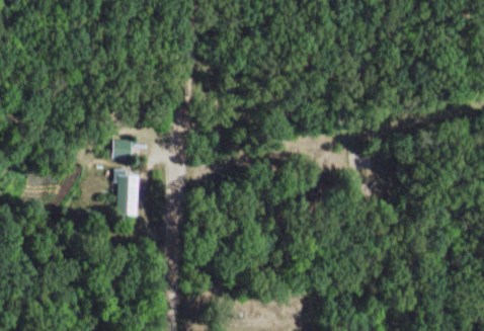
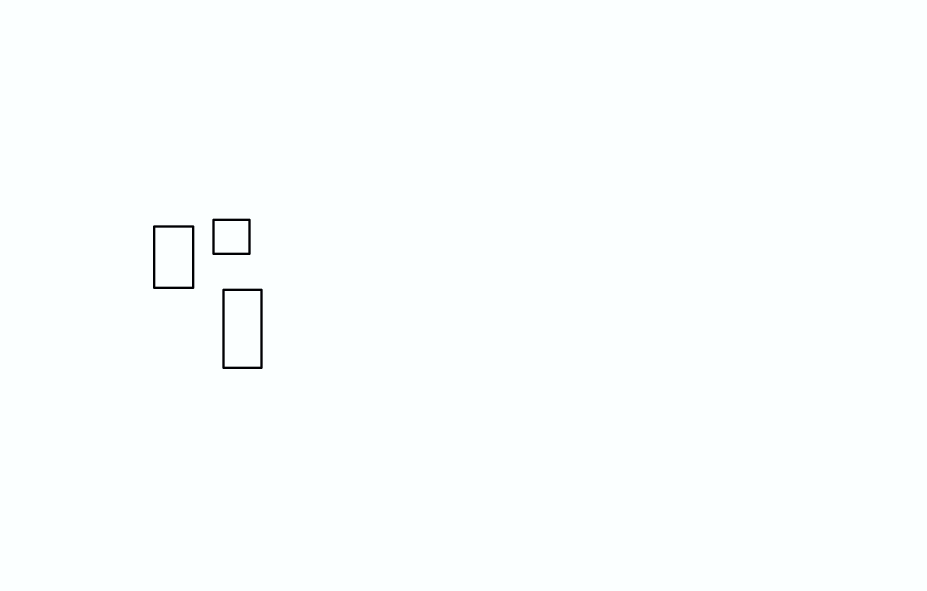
building: none -> [154,227,193,288]

